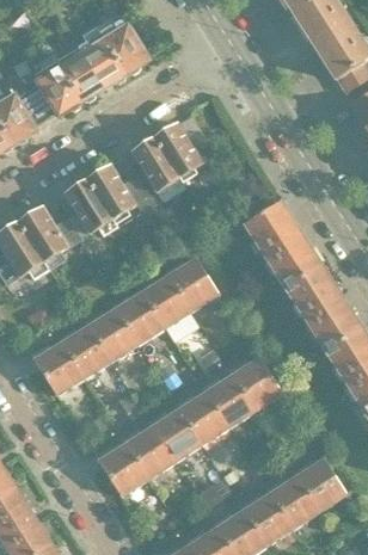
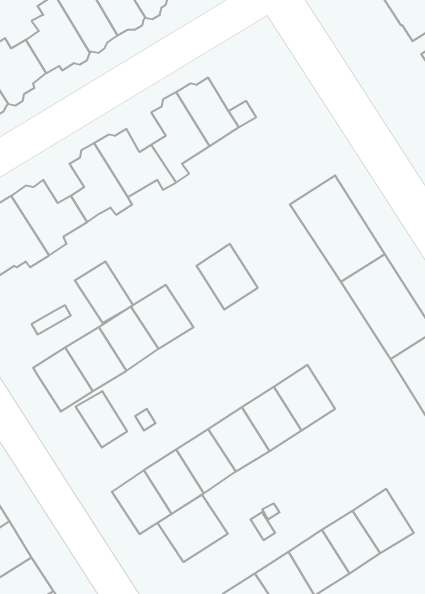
building: [143,276,191,326] -> [75,261,133,323]
building: none -> [76,391,127,448]
building: none -> [157,495,228,562]

